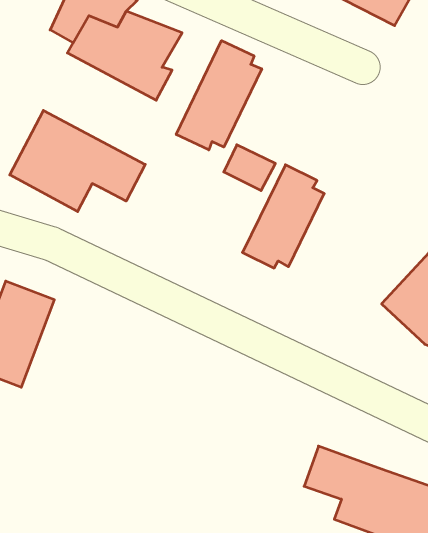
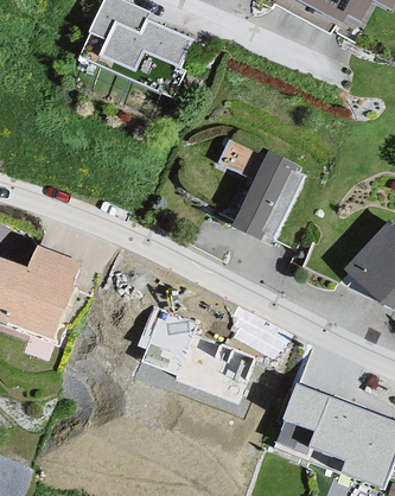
building: [176,41,262,150] -> none
building: [10,110,145,212] -> none
building: none -> [142,307,251,399]

